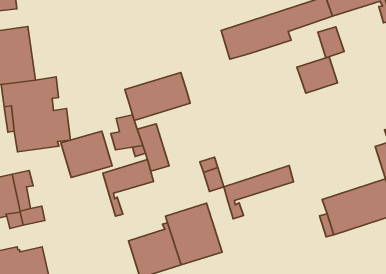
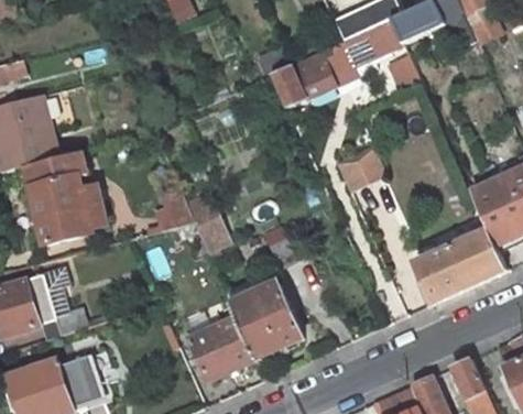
building: [297,57,337,93] -> [334,144,384,190]
building: [125,73,190,120] -> none
building: [61,131,112,178] -> none
building: [103,160,153,216] -> none
building: [224,166,293,219] -> none

